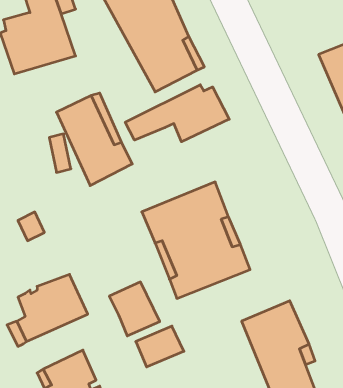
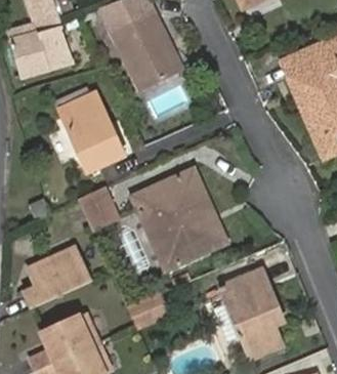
building: [125,85,229,142] -> none
building: [109,282,160,336] -> [78,186,121,233]

